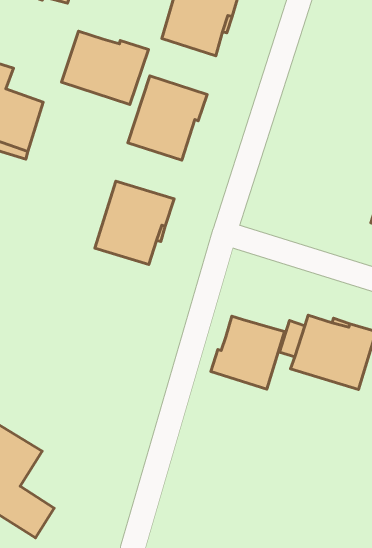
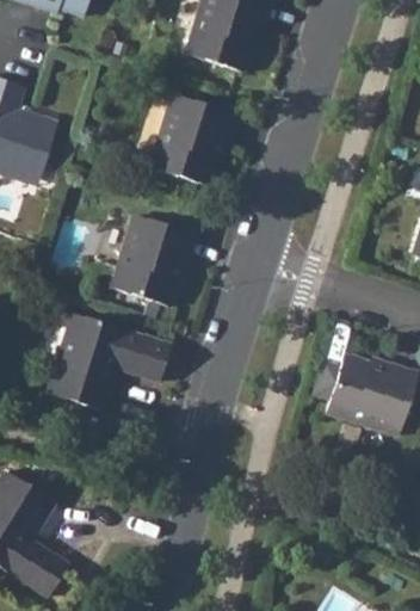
building: [61,31,149,105] -> none
building: none -> [47,311,171,409]
building: [211,316,285,389] -> none

